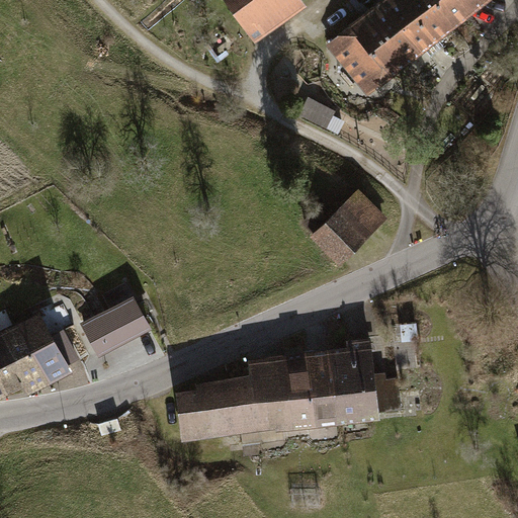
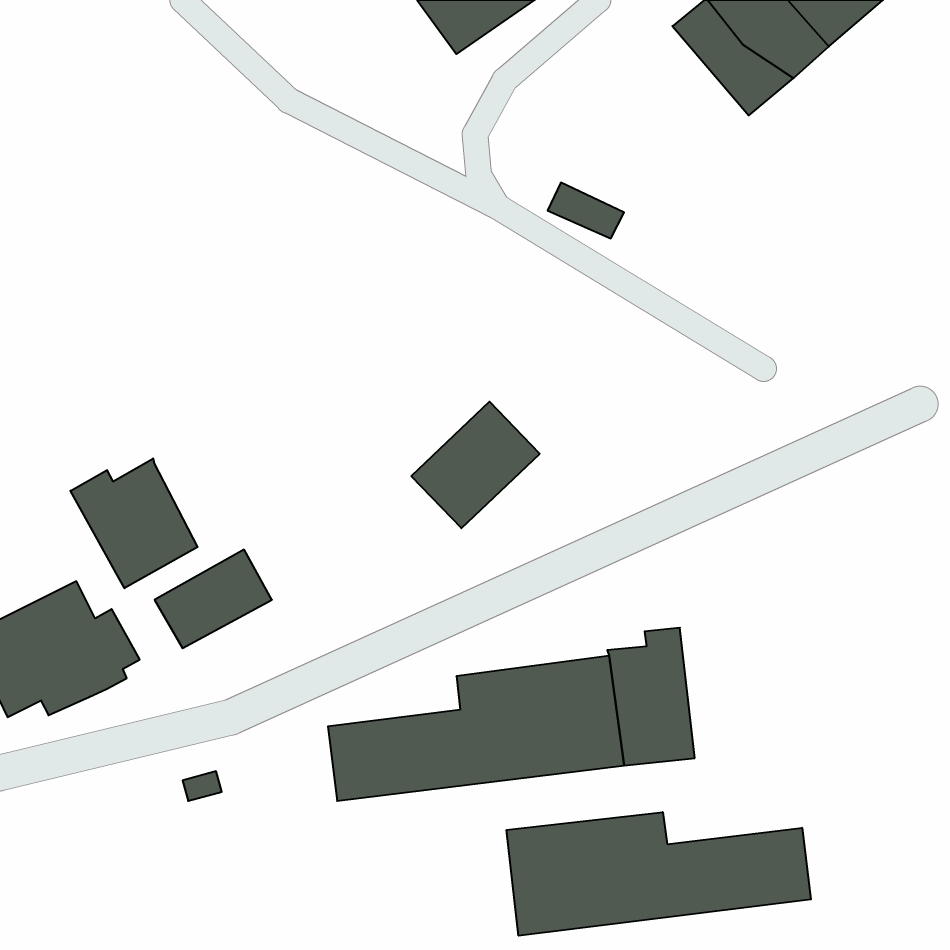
building: [327,15,407,96] -> none
building: [314,193,383,262] -> [411,402,540,528]
building: none -> [70,458,198,588]
building: none -> [507,812,811,936]

